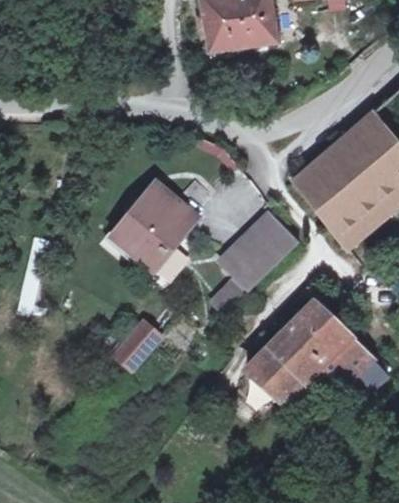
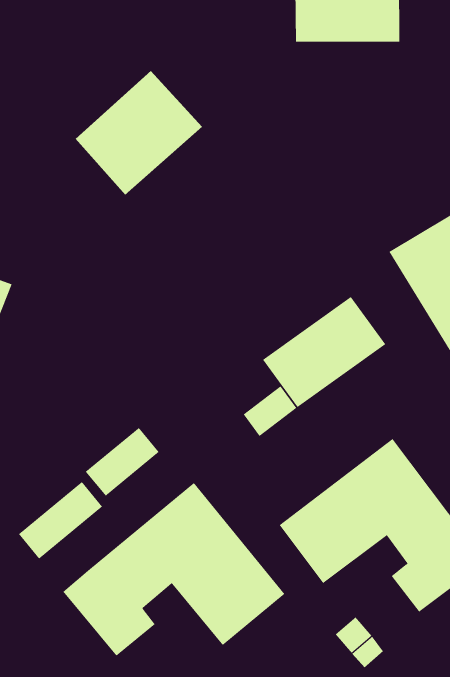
building: [112,184,195,269] -> [75,70,203,195]
building: none -> [63,482,285,656]
building: none -> [18,481,103,560]

